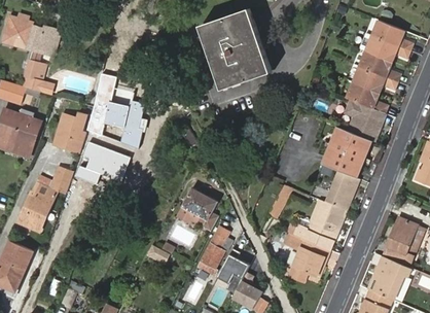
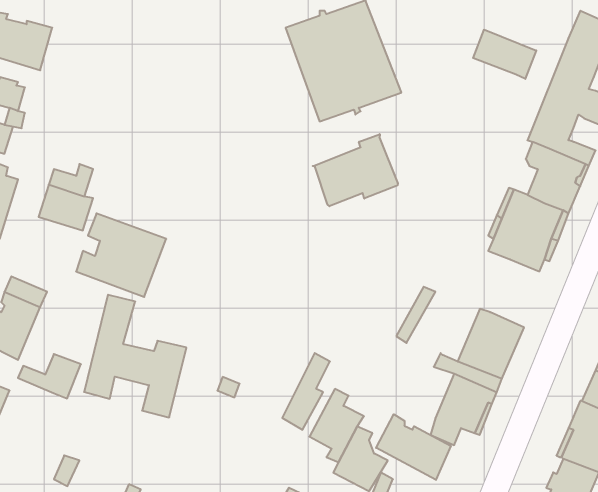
building: none -> [473,30,536,79]
building: [85,72,147,146] -> [84,295,186,417]
building: none -> [313,134,398,206]
building: [36,166,74,193] -> [18,354,81,398]
building: [325,170,358,211] -> none
building: [180,188,219,232] -> none
building: none -> [376,414,451,480]

